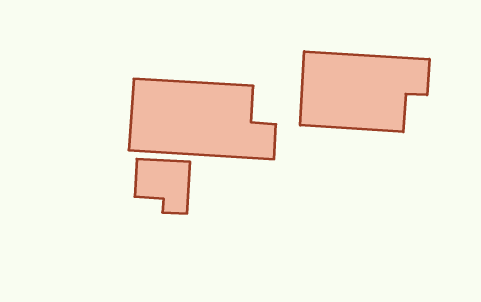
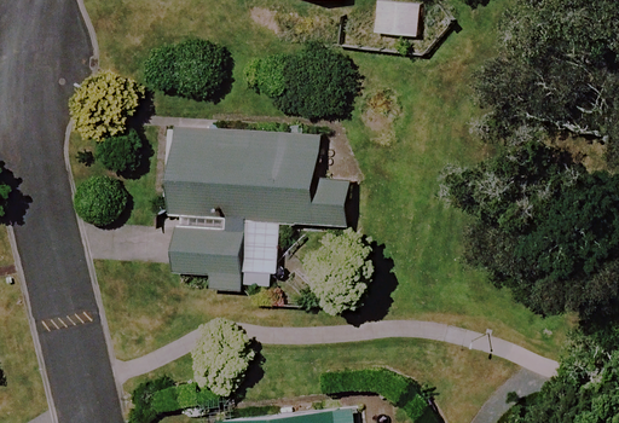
building: [300,51,429,132] -> none

